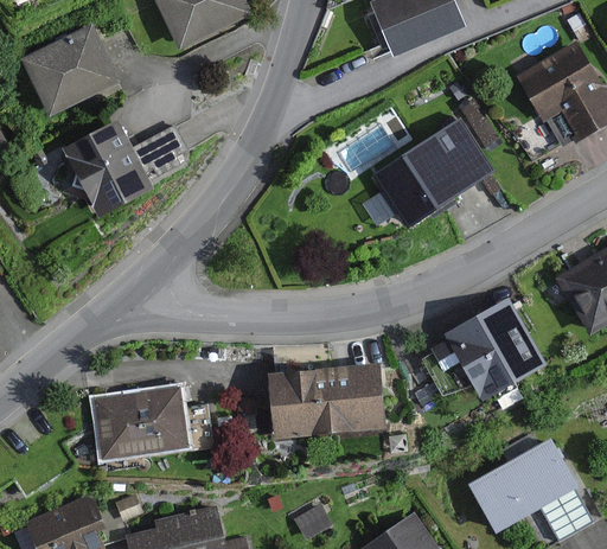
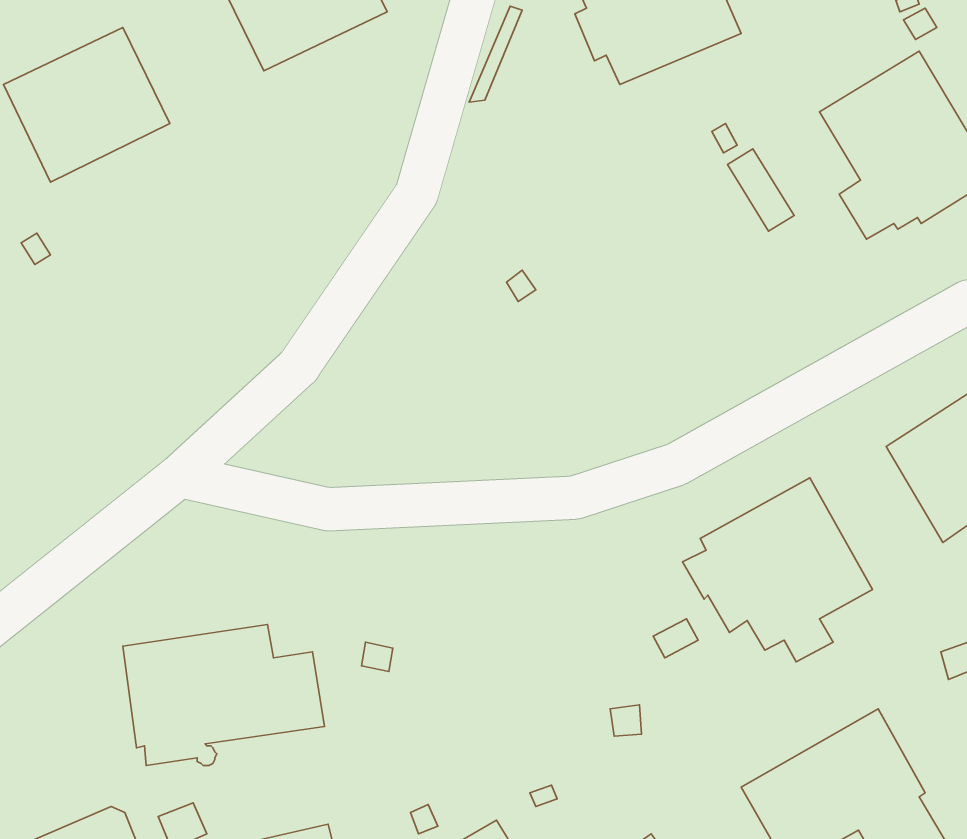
building: [370,117,494,230] -> none
building: [62,119,187,219] -> none
building: [267,362,385,439] -> none

